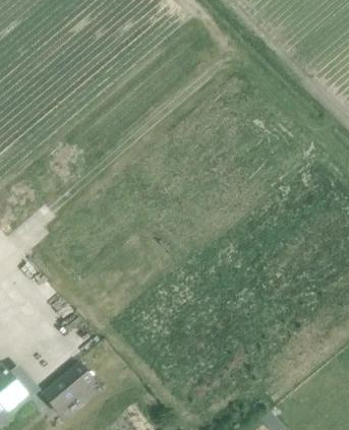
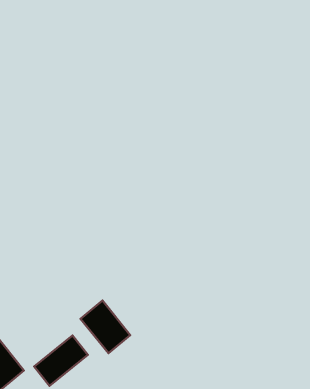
building: none -> [80,301,130,353]

